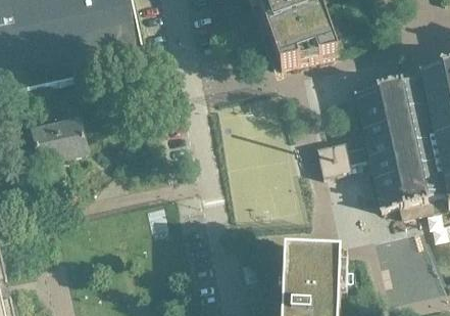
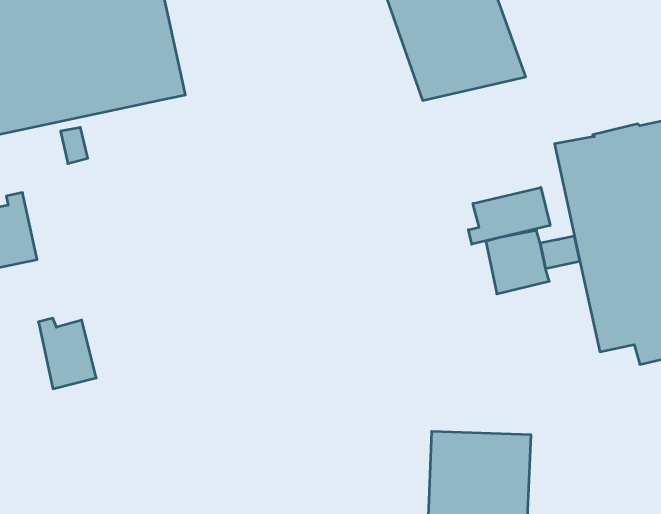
building: none -> [468,187,550,244]
building: [54,112,87,152] -> [38,318,96,389]

